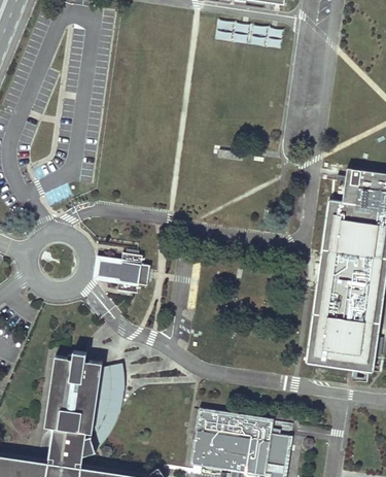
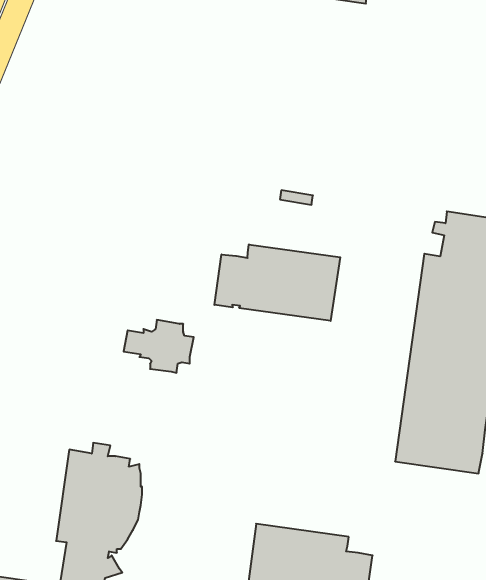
building: none -> [214,244,340,321]
building: [85,364,121,447] -> none

